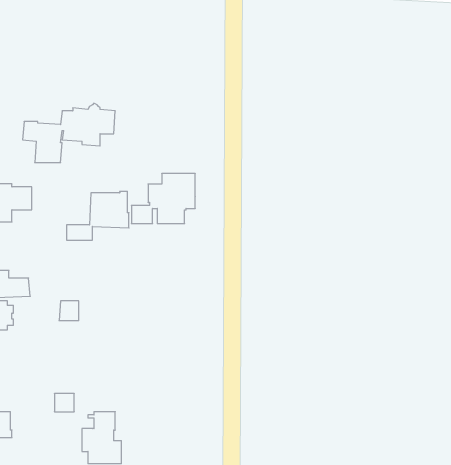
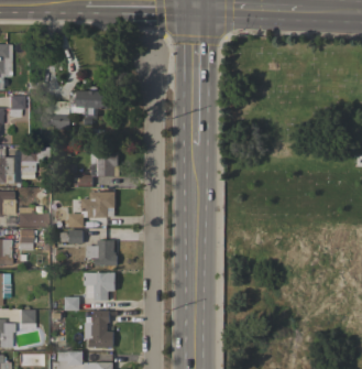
building: [131,174,195,224] -> [70,191,117,227]
building: none -> [88,239,119,265]
building: none -> [86,272,118,300]

